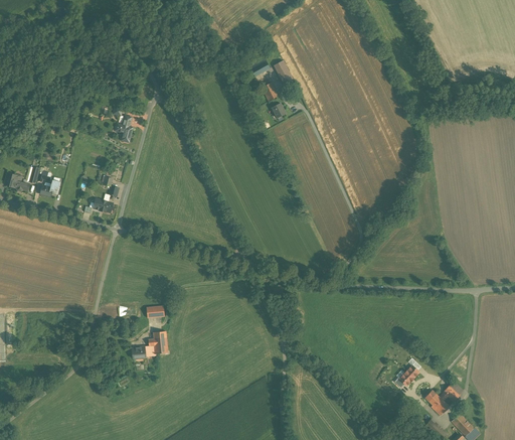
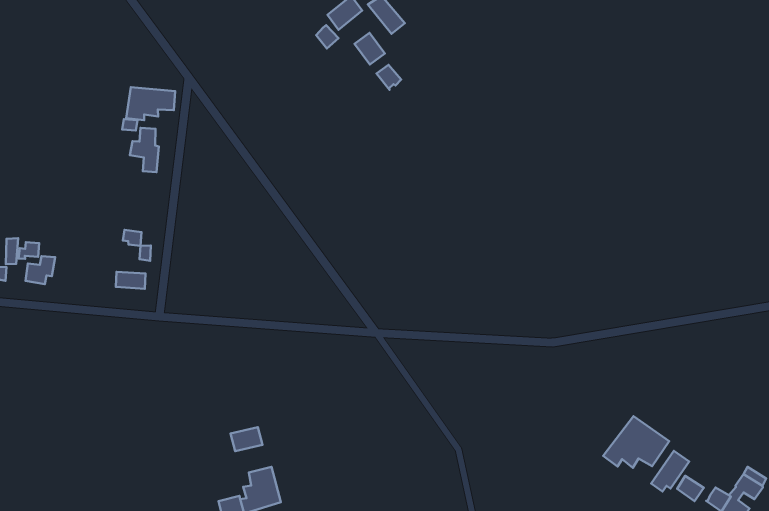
building: none -> [126,87,175,120]
building: none -> [603,416,669,468]

